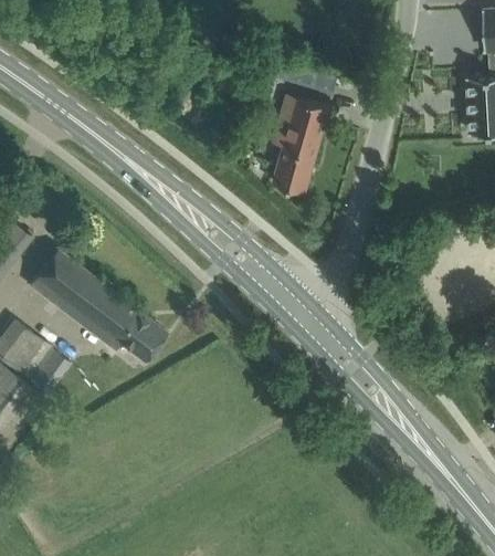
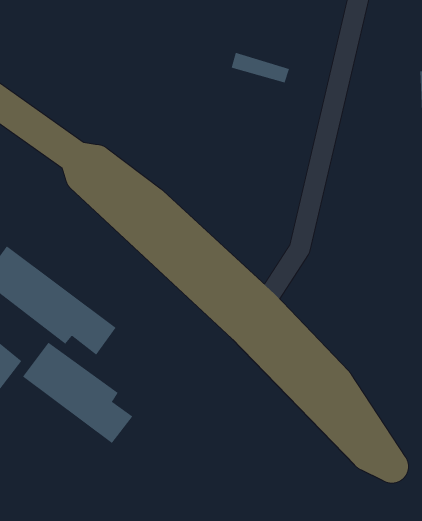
building: [273,96,329,191] -> none
building: none -> [22,342,133,444]

